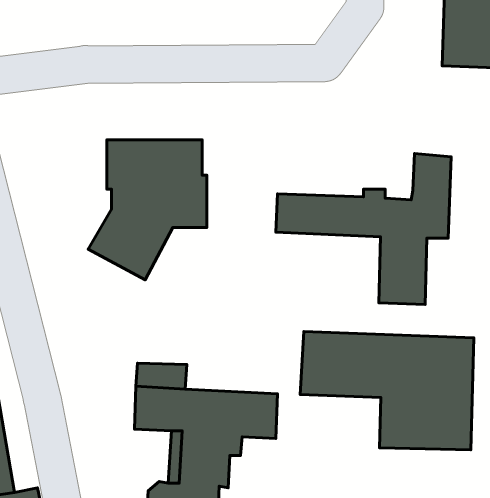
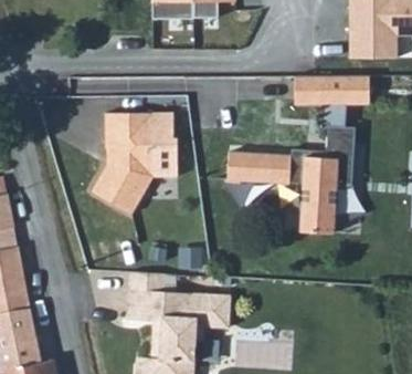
building: none -> [298,76,372,107]
building: [300,332,474,450] -> none

